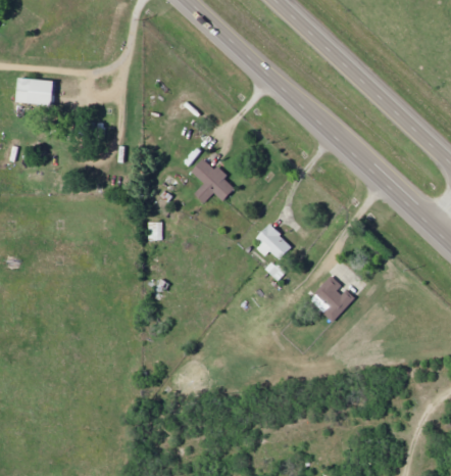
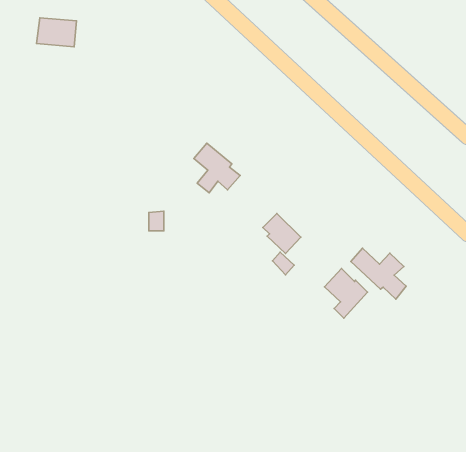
building: [14,78,52,105] -> [37,18,76,47]
building: none -> [351,248,406,299]

